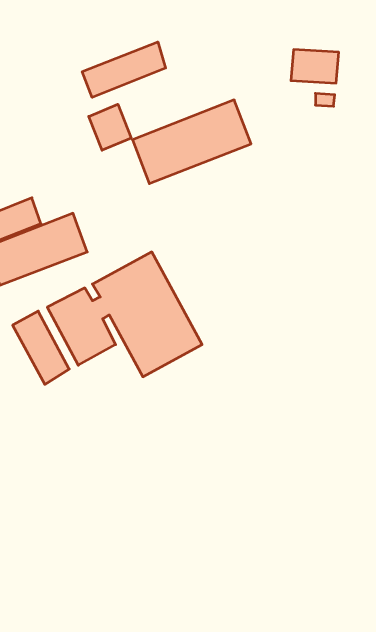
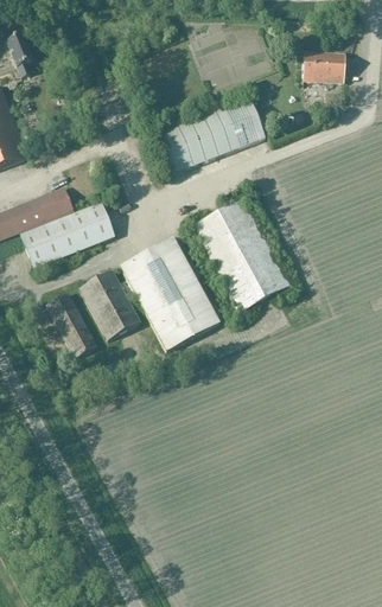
building: [82,42,166,97] -> none
building: [89,104,131,150] -> none
building: none -> [191,199,289,312]

